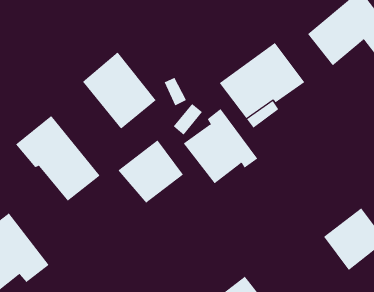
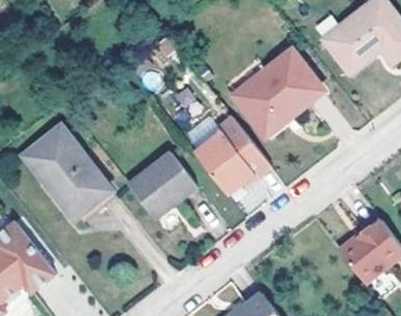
building: [82,51,156,129] -> none

